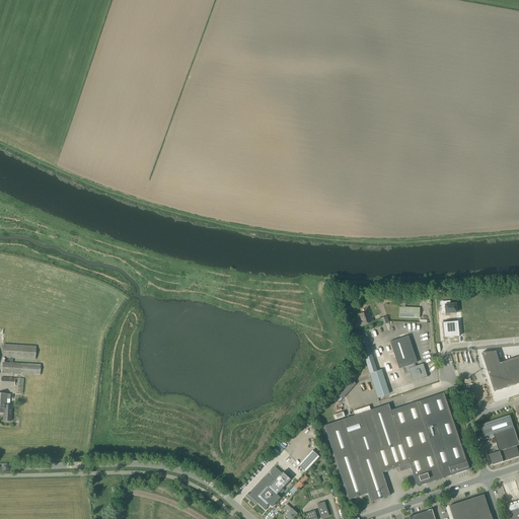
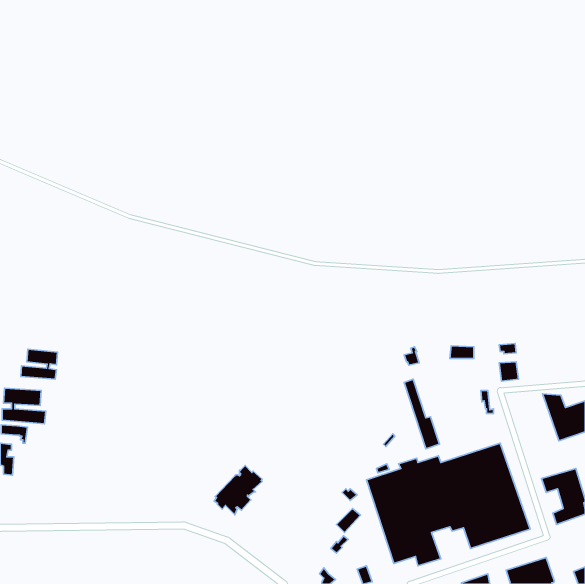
building: none -> [21,349,57,379]
building: [389,335,428,379] -> none
building: [247,466,290,510] -> [214,466,262,515]

